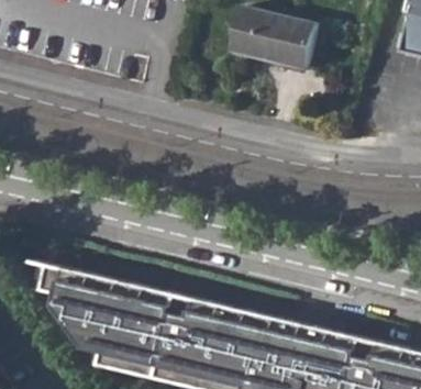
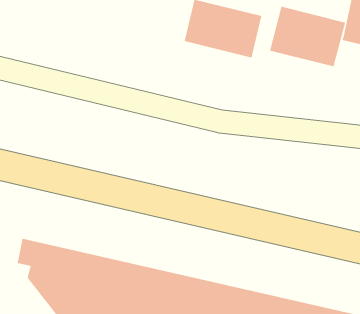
building: none -> [270,6,346,67]

